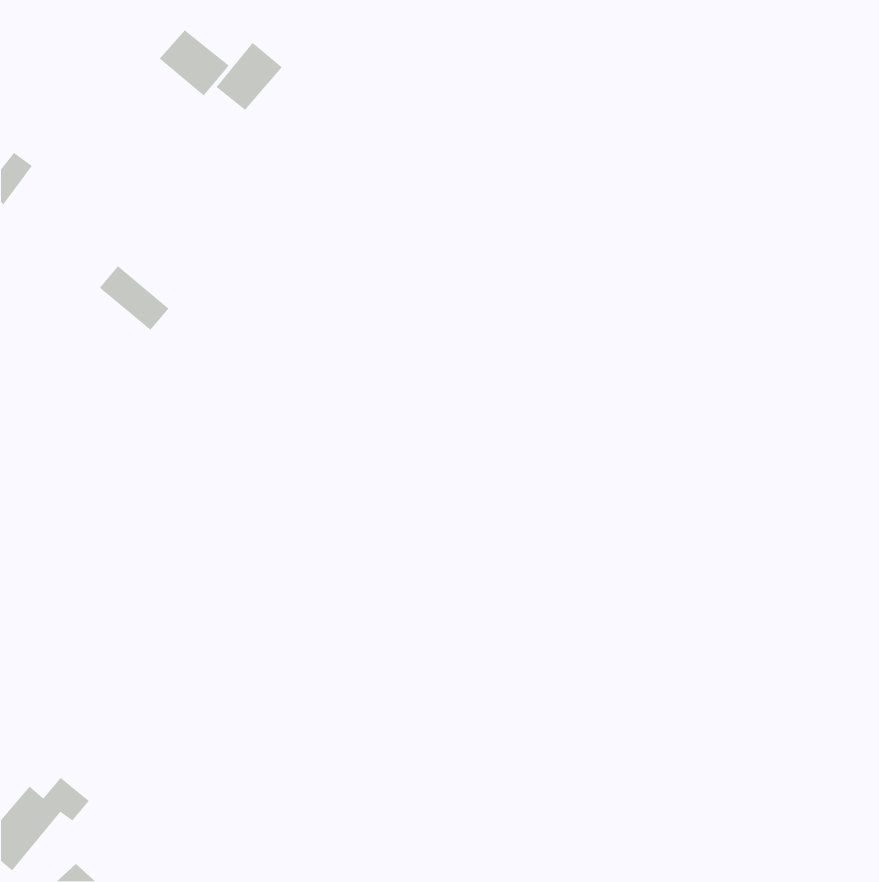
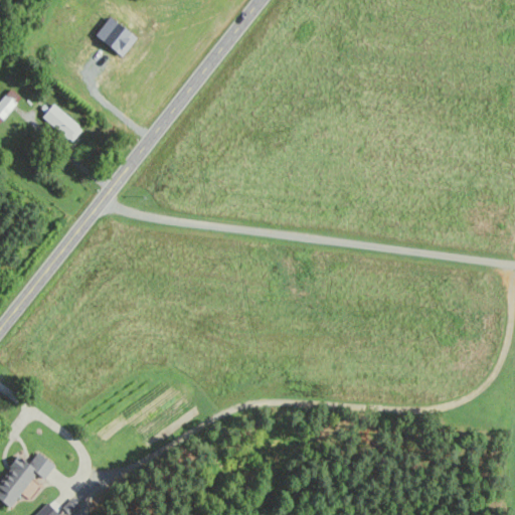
building: [215,42,283,111] -> none
building: [99,265,170,331] -> [42,104,83,142]

